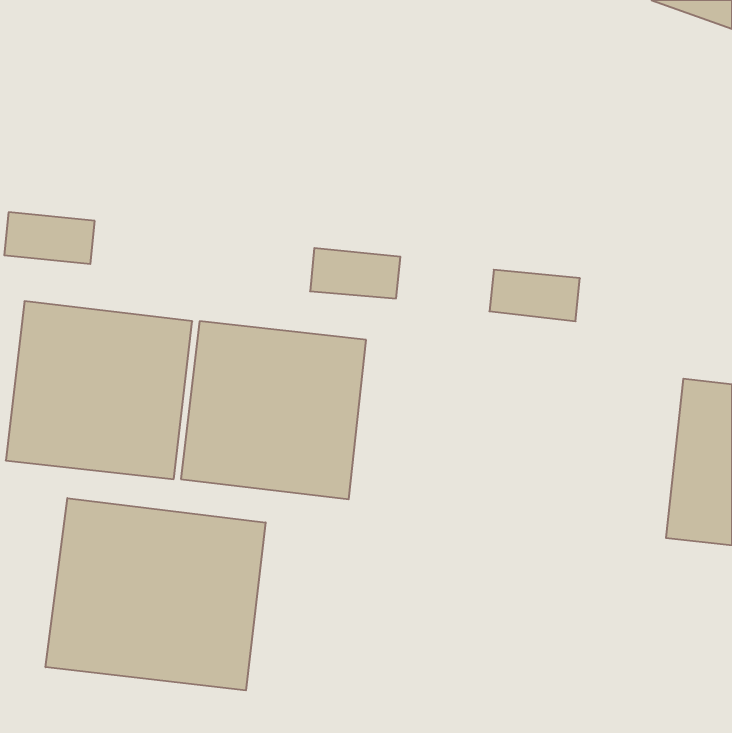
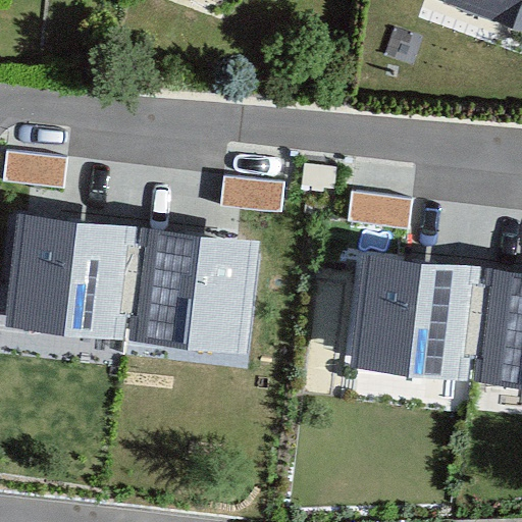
building: none -> [350,256,480,381]
building: [46,498,266,690] -> none

